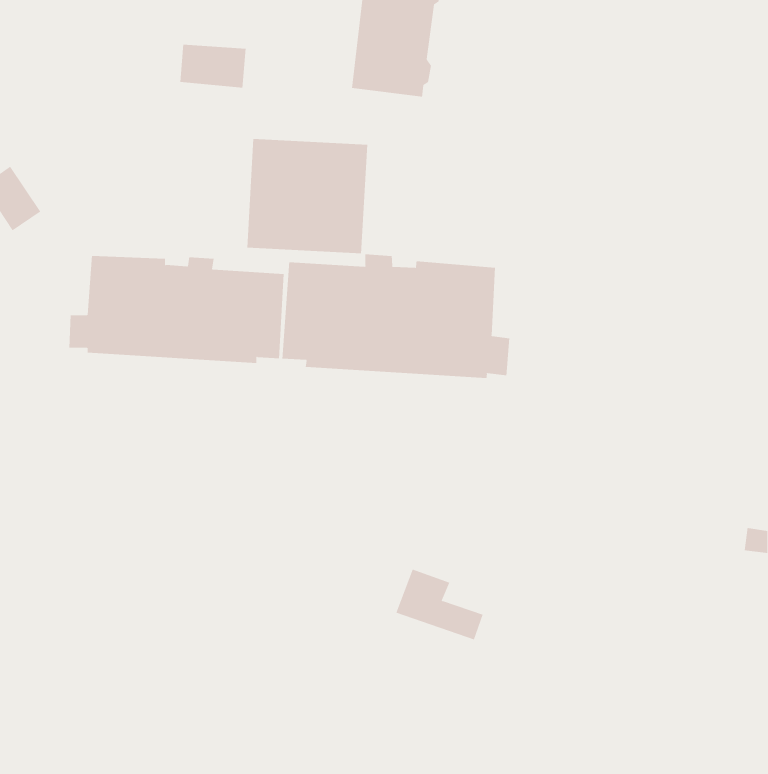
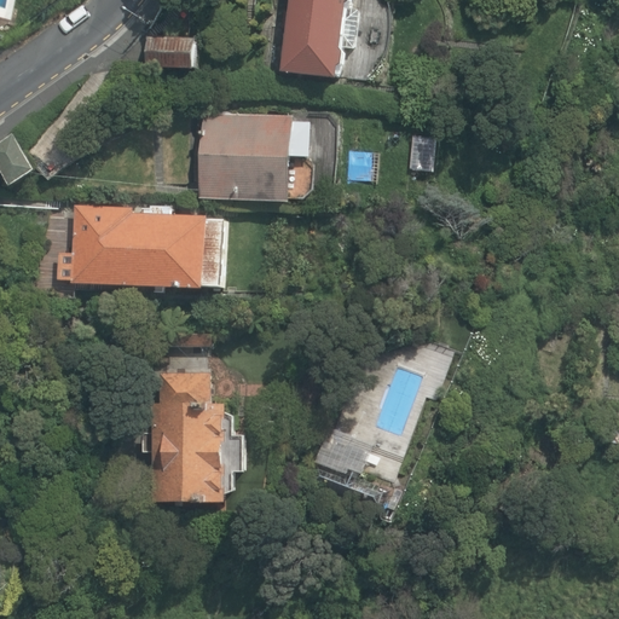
building: [282,254,510,379] -> none
building: none -> [139,370,243,499]

